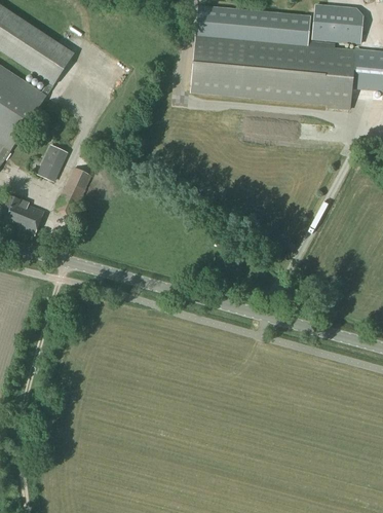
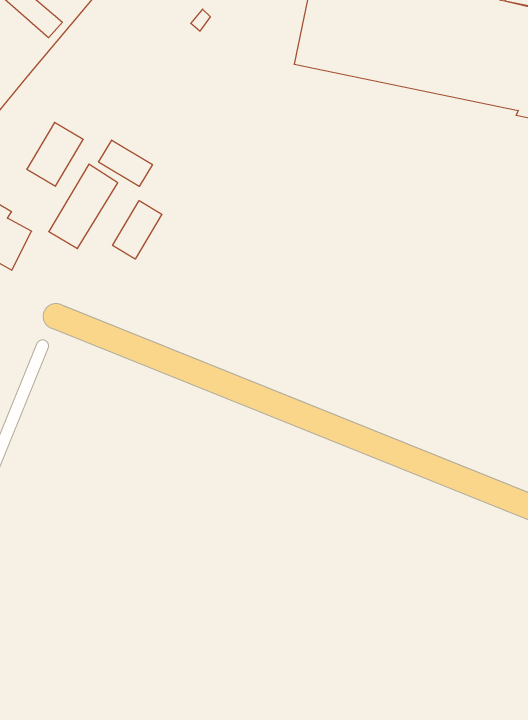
building: none -> [99,140,152,186]
building: none -> [113,201,162,259]

